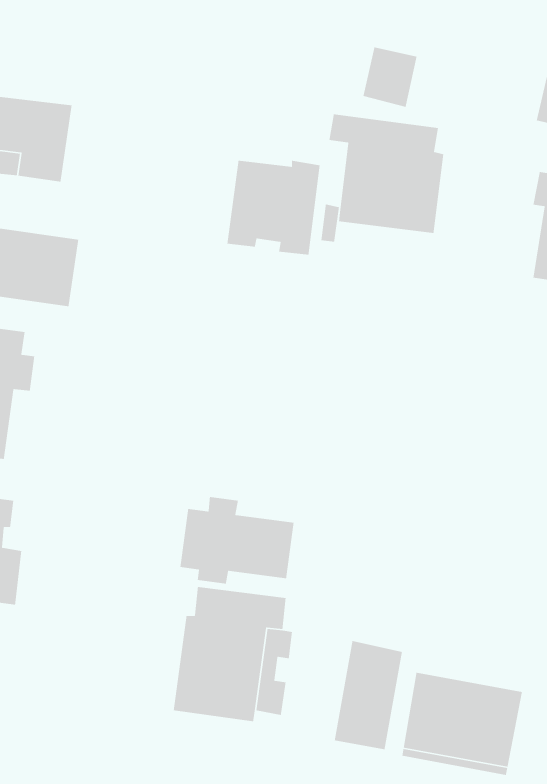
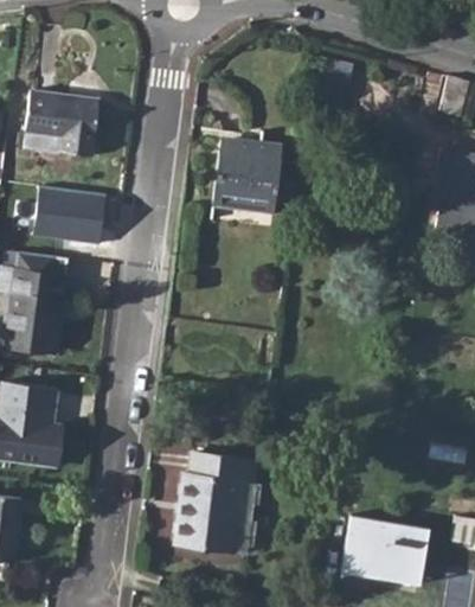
building: [329,114,444,234] -> none
building: [179,496,294,585] -> none
building: [334,640,403,750] -> none

